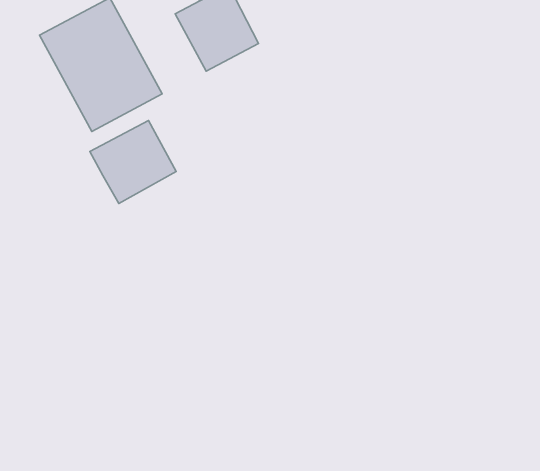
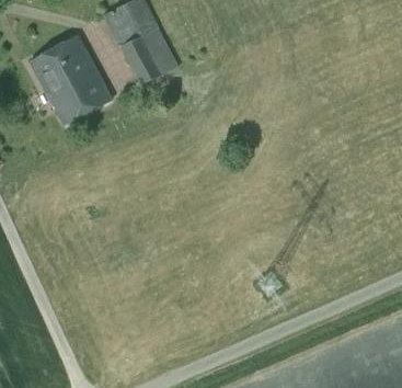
building: [90,120,176,203] -> none

